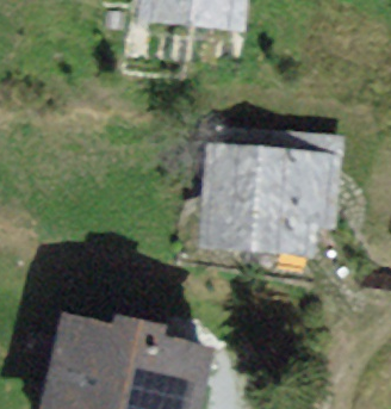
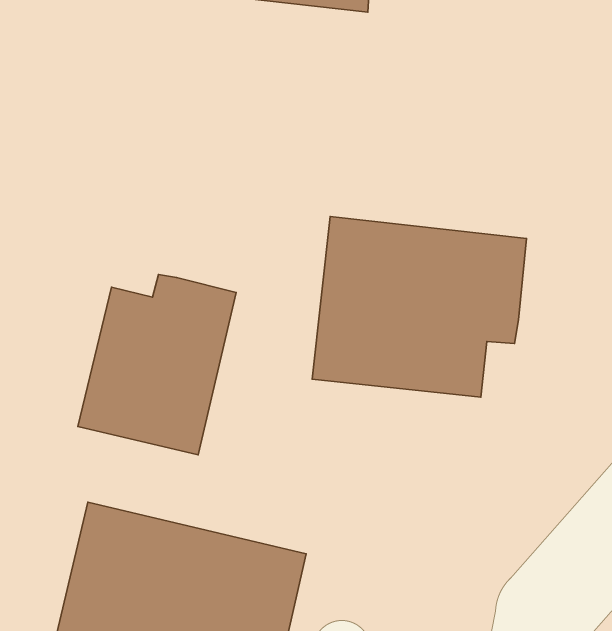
building: none -> [78,274,236,455]

